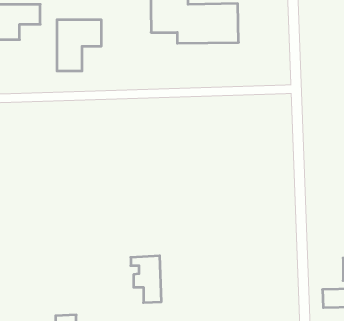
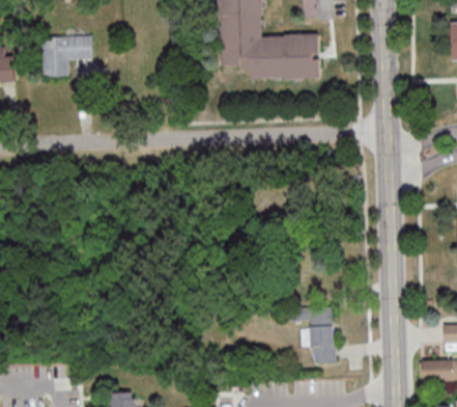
building: [57,20,101,71] -> none
building: [131,256,161,303] -> [299,308,335,362]

